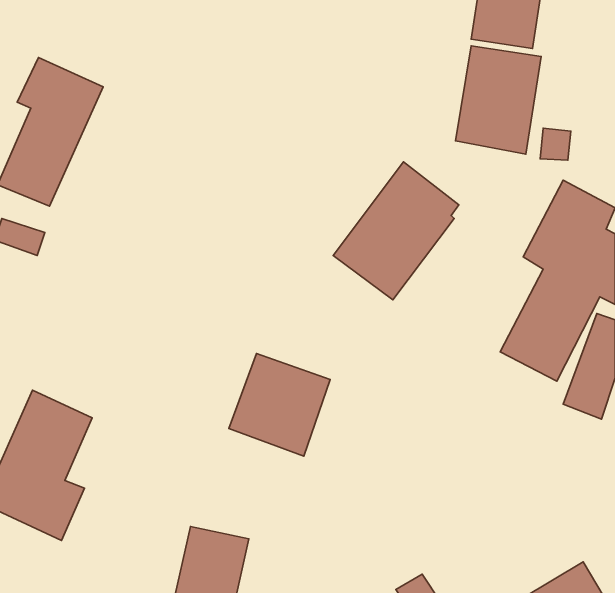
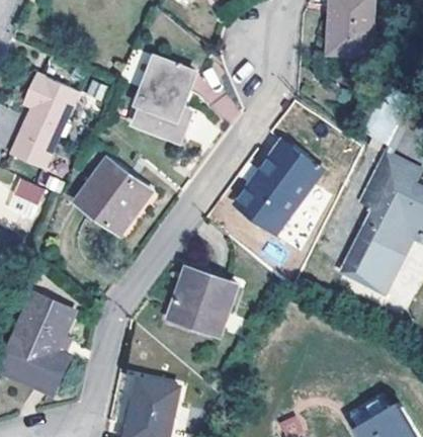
building: none -> [133,57,193,142]
building: [456,46,541,154] -> none
building: none -> [74,159,148,232]

